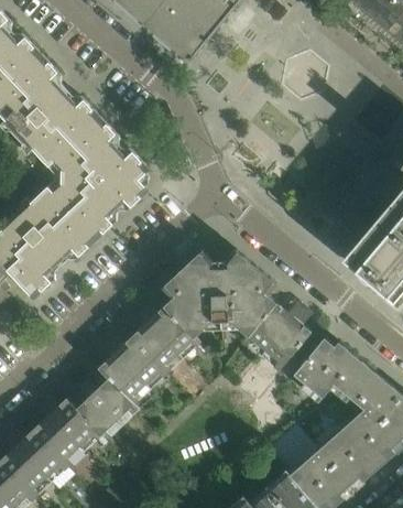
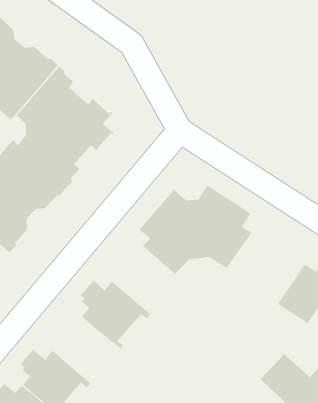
building: [242,300,312,371] -> none
building: [131,302,200,372] -> none
building: [76,378,139,435] -> none

